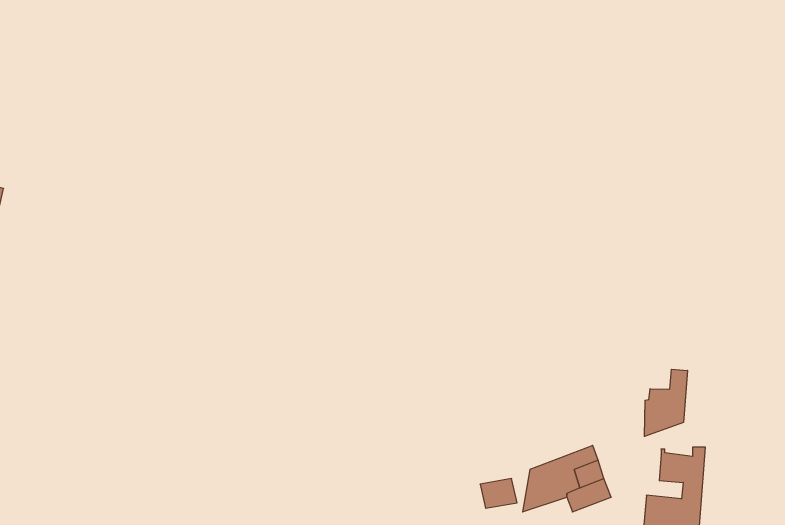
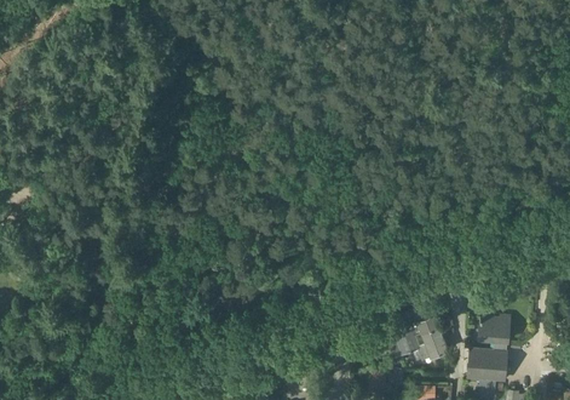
building: [644,369,687,436] -> none

